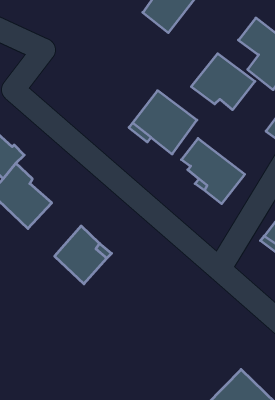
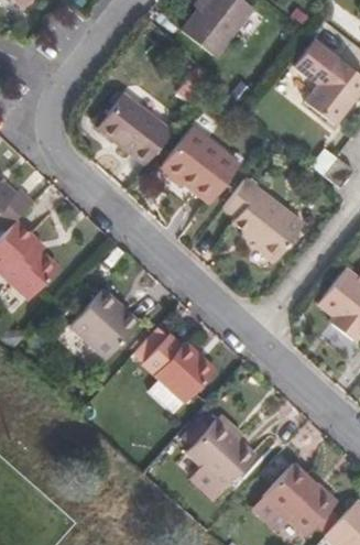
building: [191,54,255,110] -> none
building: none -> [95,97,170,167]
building: none -> [135,328,216,400]
building: none -> [187,417,260,489]

